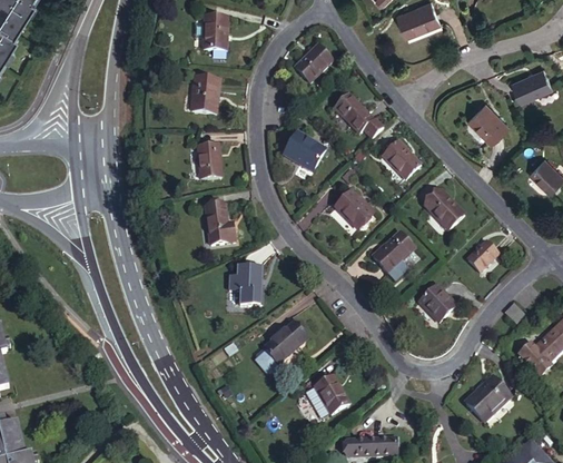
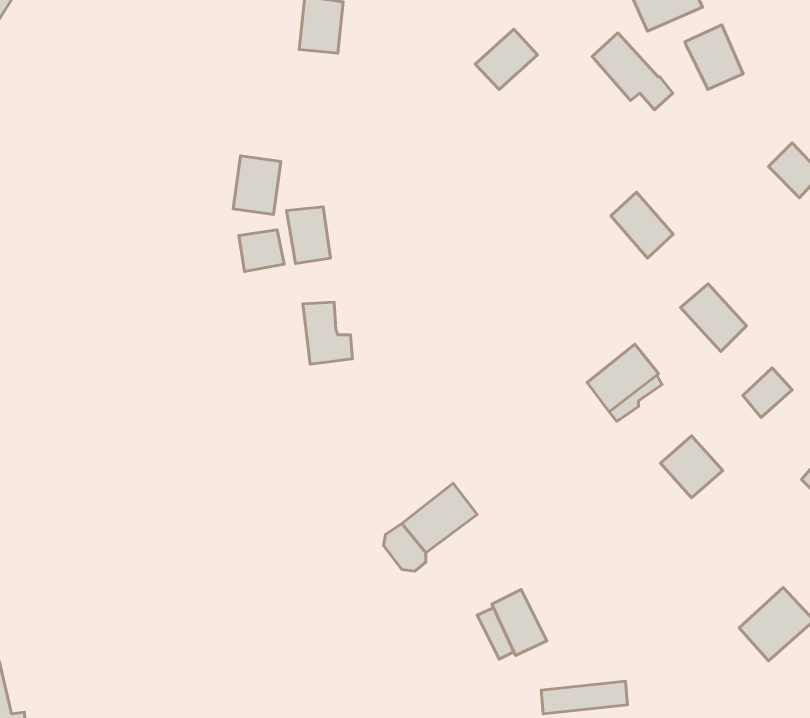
building: none -> [685,25,743,89]
building: [182,78,211,114] -> [233,156,281,214]
building: [340,89,389,136] -> [592,33,673,110]
building: [288,126,329,165] -> none
building: none -> [239,230,284,271]
building: [337,185,376,225] -> none
building: [225,262,259,302] -> none

